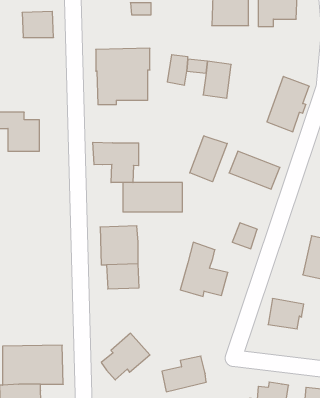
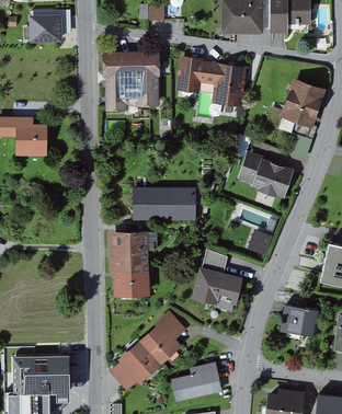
building: [190,136,227,182] -> none
building: [93,142,139,183] -> none
building: none -> [141,313,184,363]

